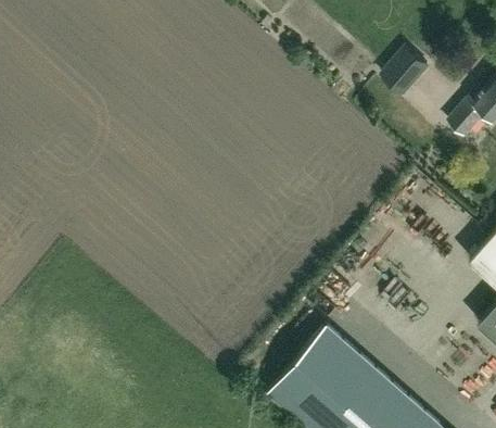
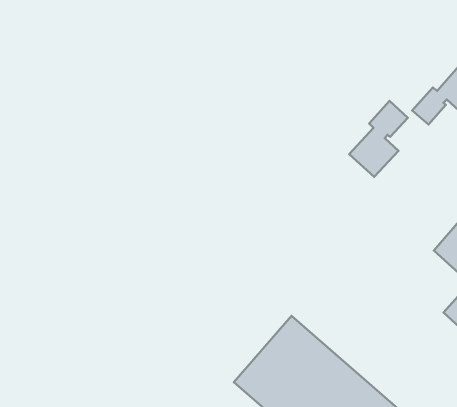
building: [383,48,427,92] -> none
building: none -> [349,101,408,177]

